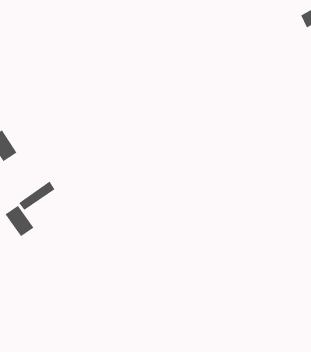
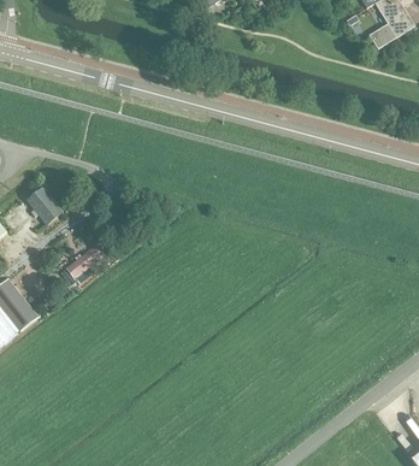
building: [4,205,34,237] -> none

